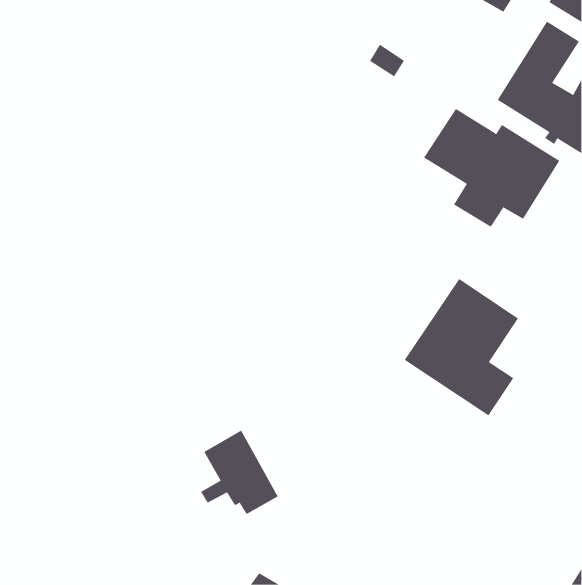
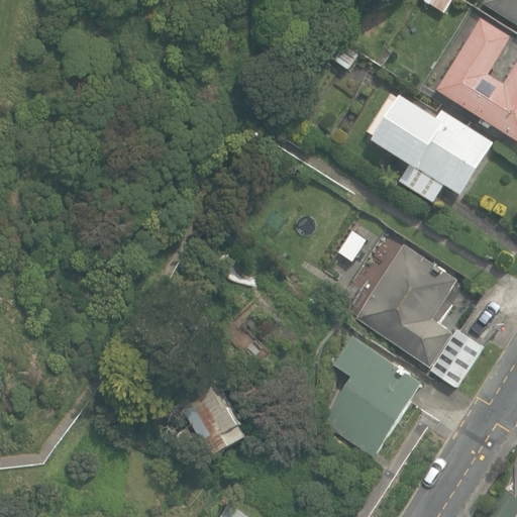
building: none -> [428,329,480,386]
building: none -> [320,334,422,455]

